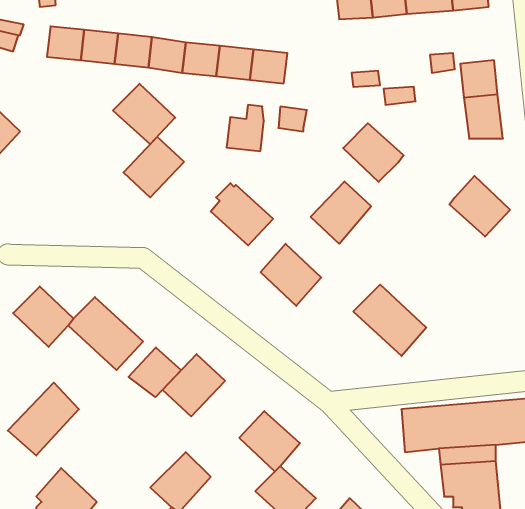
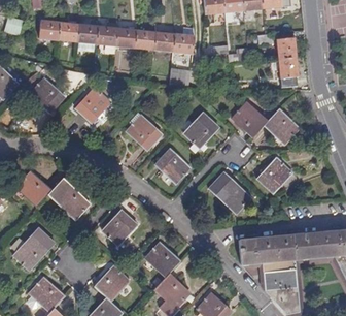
building: [113,84,175,144] -> [31,73,67,108]
building: [227,105,264,151] -> [171,27,193,54]
building: [343,123,404,182] -> [235,99,270,133]
building: none -> [260,154,295,189]
building: [129,347,181,397] -> none

